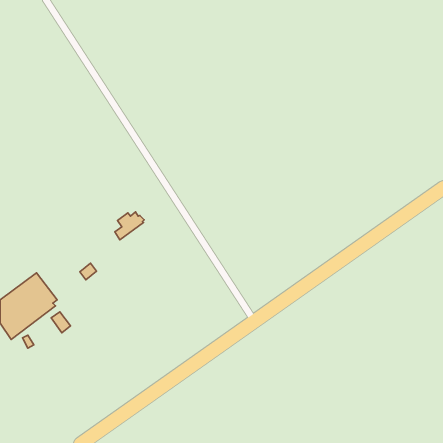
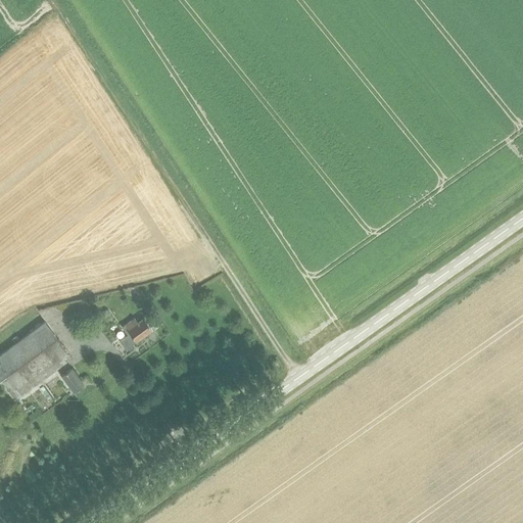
building: [115,212,144,240] -> [120,318,154,350]

